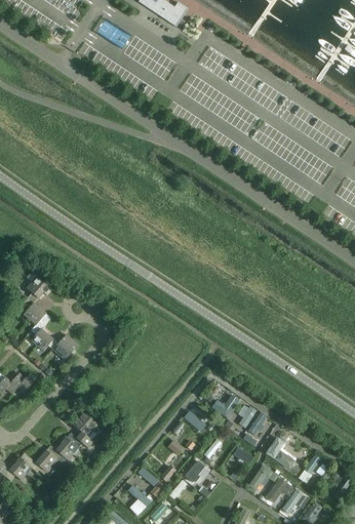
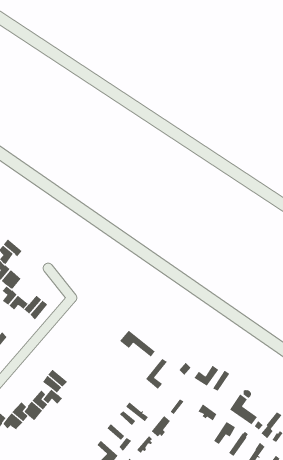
building: none -> [119,330,156,358]

